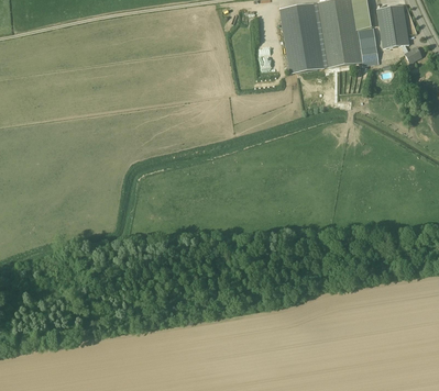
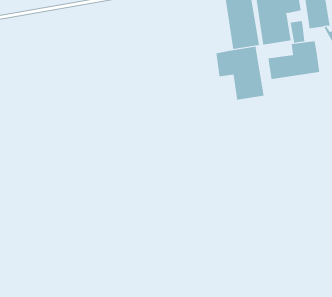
building: none -> [268,40,320,80]
building: none -> [216,46,264,101]

